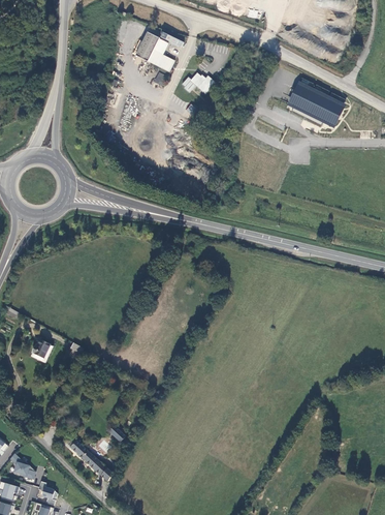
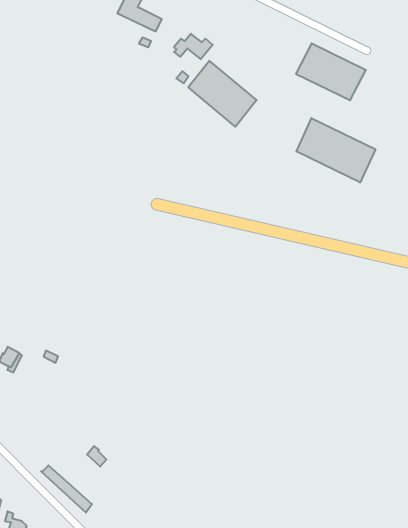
building: none -> [188,61,257,127]
building: none -> [296,118,375,183]

